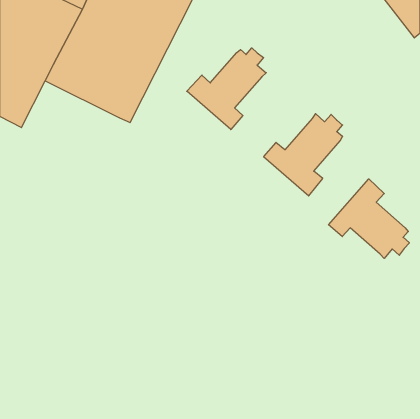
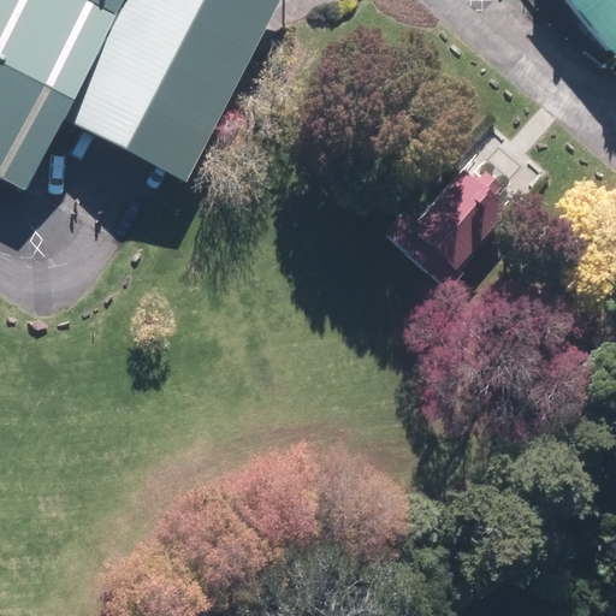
building: [187,48,266,130] -> none
building: [329,179,409,258] -> none

